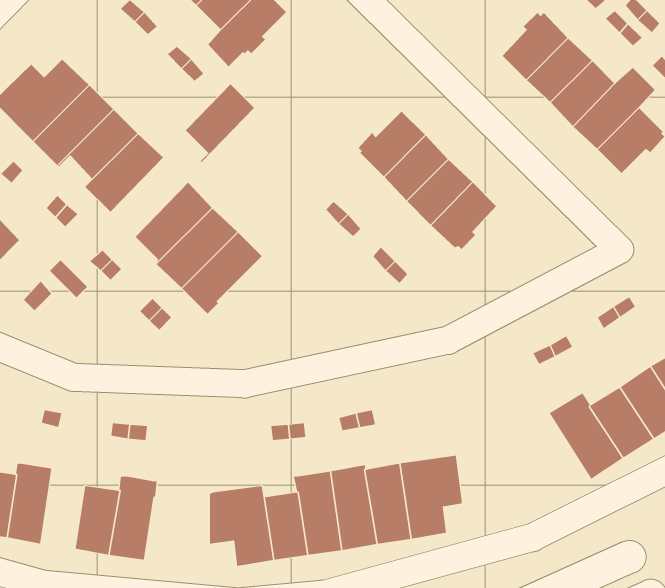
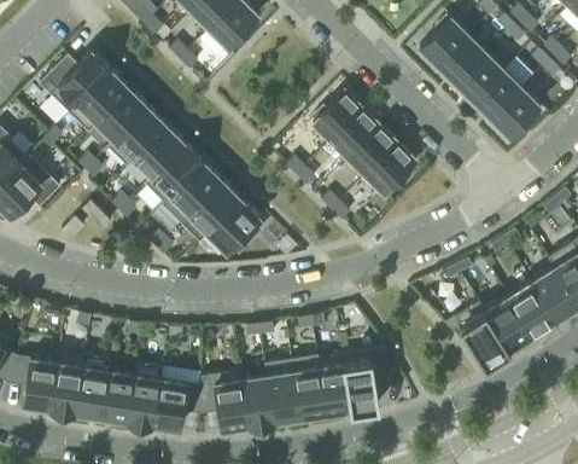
building: [177,84,255,163] -> [127,127,185,186]
building: none -> [206,201,261,256]
building: none -> [75,356,111,419]
building: none -> [152,381,200,433]

